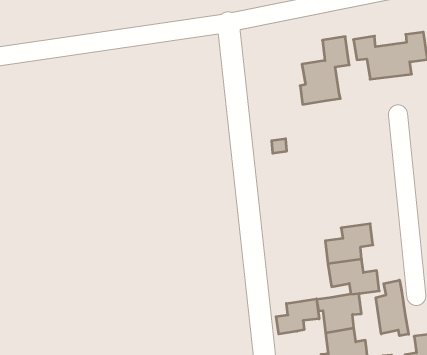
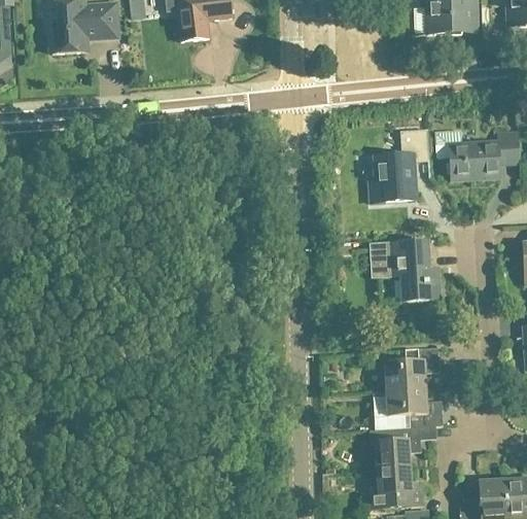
building: none -> [372,240,442,301]
building: [376,280,409,336] -> none
building: [276,299,319,334] -> none

